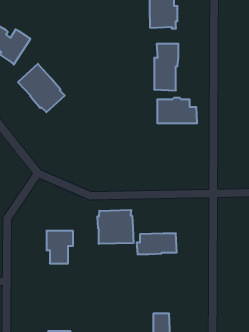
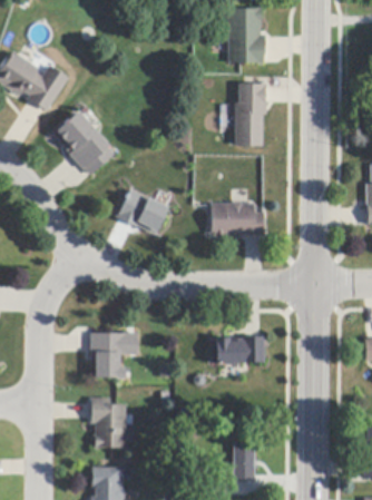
building: [157,98,197,123] -> [211,200,264,234]
building: none -> [115,188,168,234]
building: [97,210,133,244] -> none
building: none -> [89,398,126,448]

